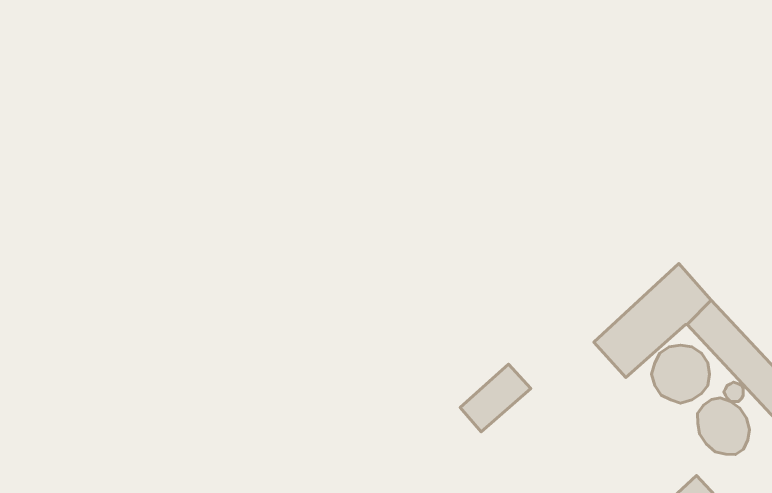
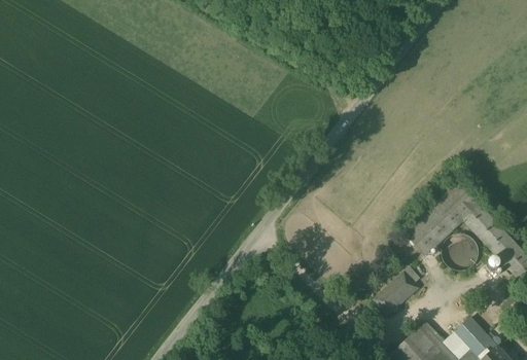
building: [460,364,531,432] -> [375,268,420,312]
building: [698,398,750,454] -> none

